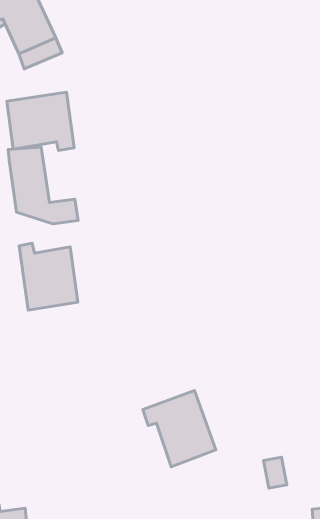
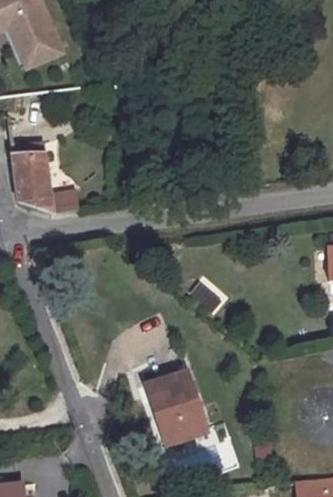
building: [7,92,74,150] -> none
building: [19,243,78,310] -> none

